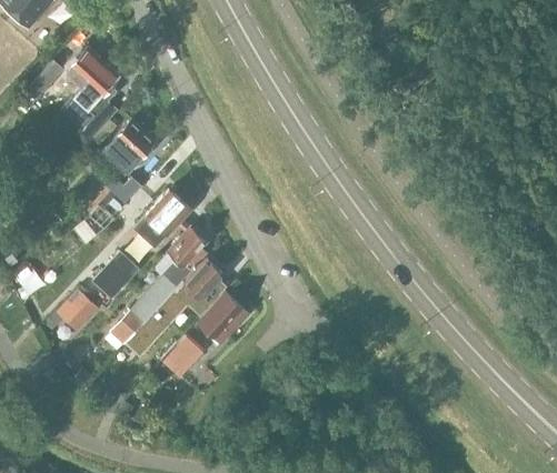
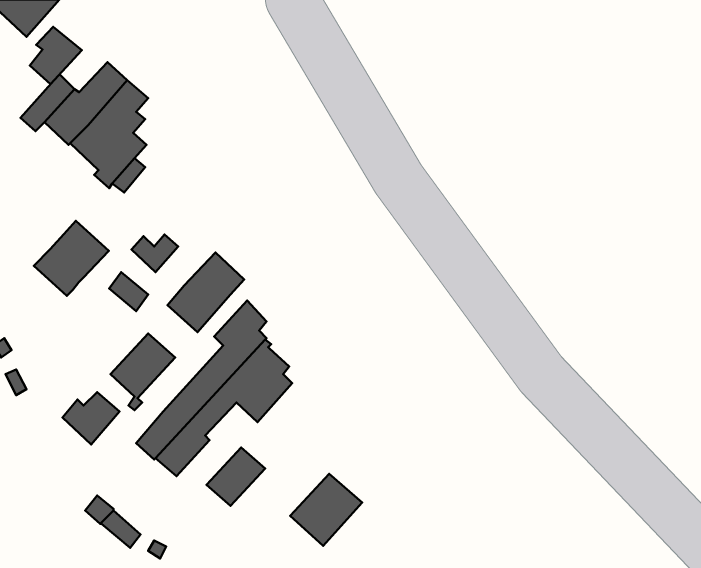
building: none -> [30,27,82,84]
building: [100,119,156,174] -> [34,221,109,296]
building: [196,291,249,344] -> [290,474,362,546]

